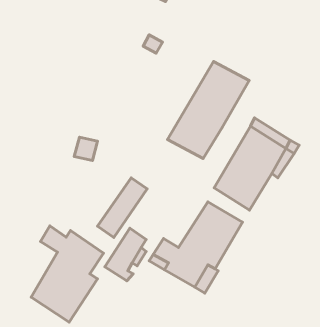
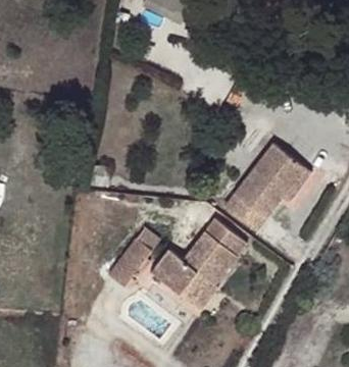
building: [168,61,249,159] -> none
building: [31,226,103,322] -> none

